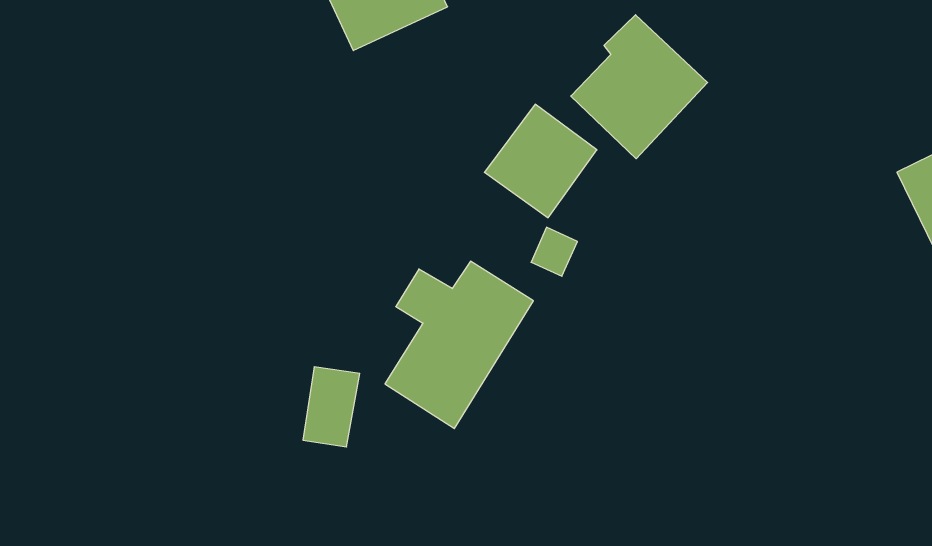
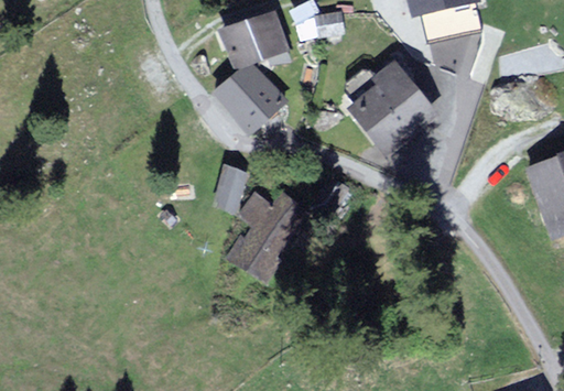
building: [484,104,597,218] -> [219,64,284,129]
building: [303,367,360,447] -> [212,165,248,213]

